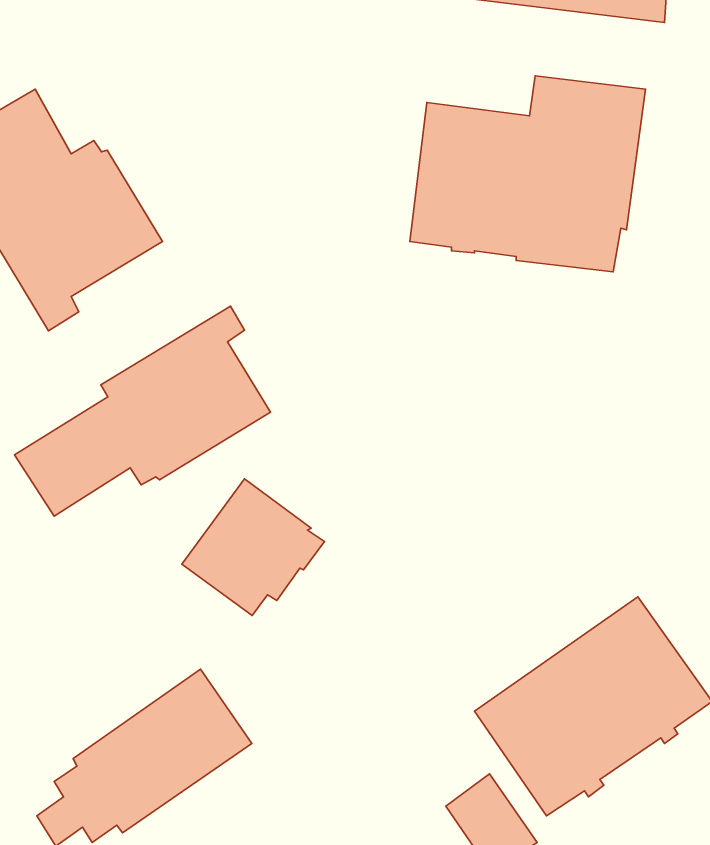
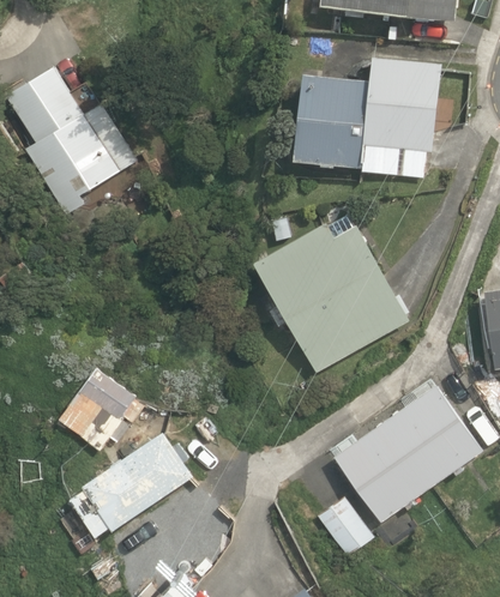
building: [15,306,270,516] -> none
building: none -> [254,216,408,373]
building: [182,479,325,616] -> [54,367,144,453]

